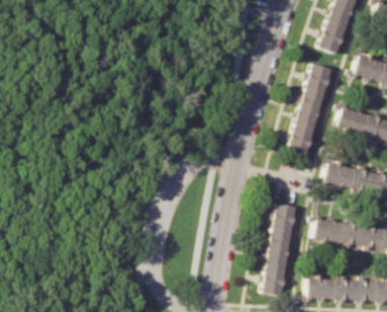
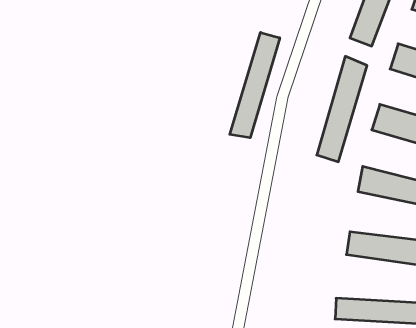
building: none -> [230,32,280,138]
building: [261,203,298,297] -> none

